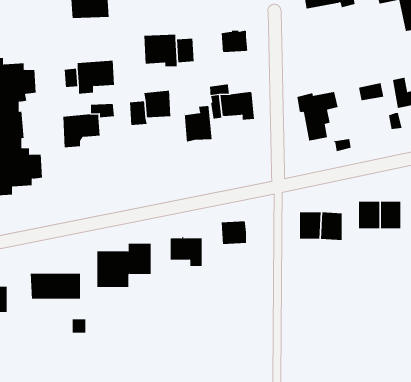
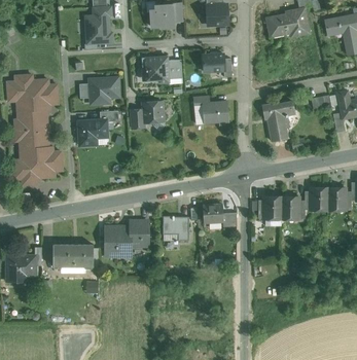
building: [184,105,212,143] -> none

